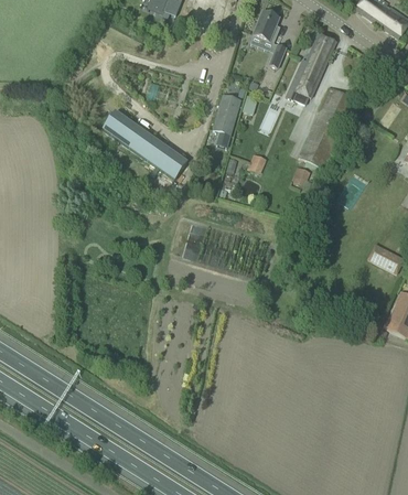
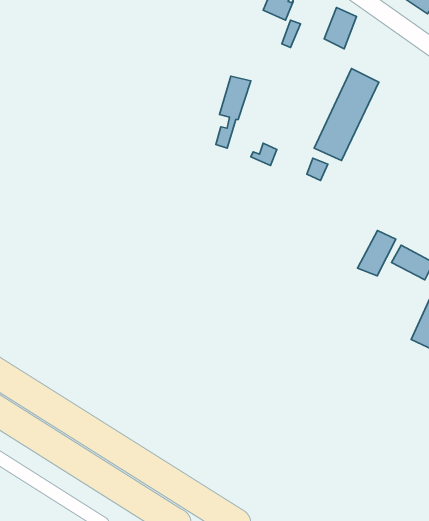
building: [287,58,324,103] -> none
building: [101,109,186,179] -> none
building: none -> [358,231,396,276]

